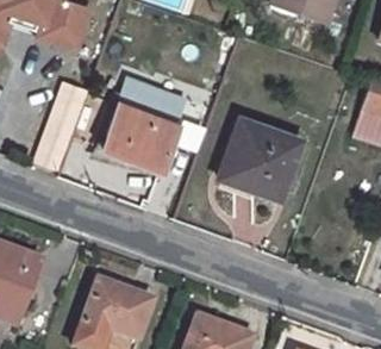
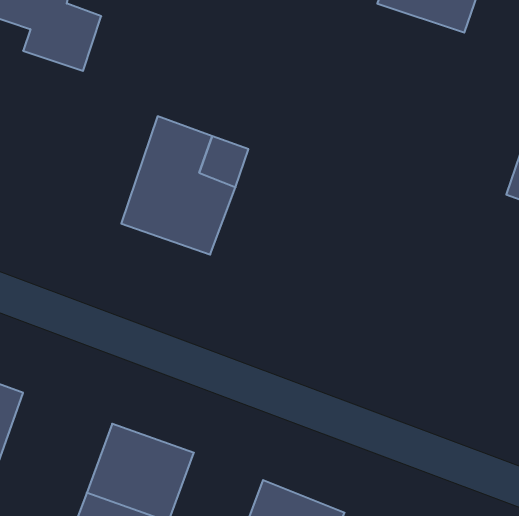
building: [36,83,85,168] -> none
building: [219,117,302,199] -> none

